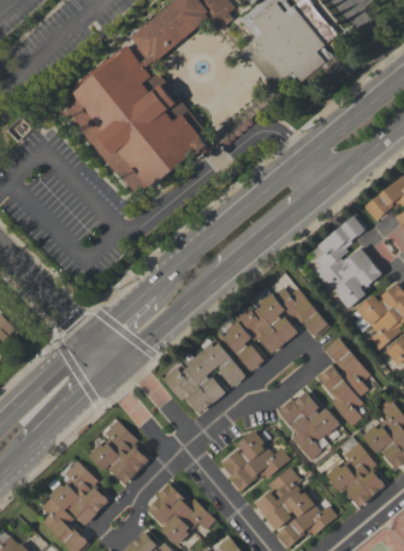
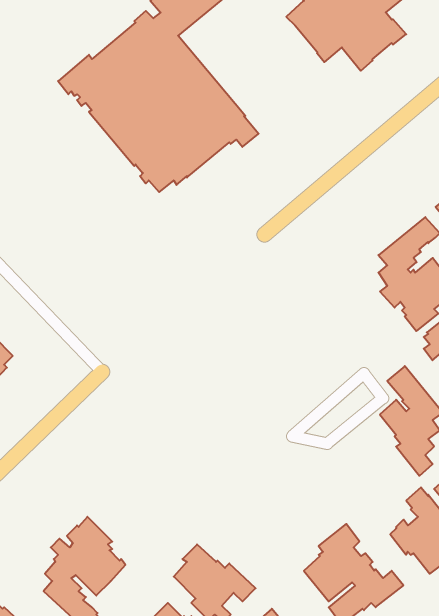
building: [222,287,329,371] -> none
building: [162,336,245,413] -> none
building: [277,391,339,460] -> none
building: [88,420,148,484] -> none
building: [221,430,289,491] -> none

